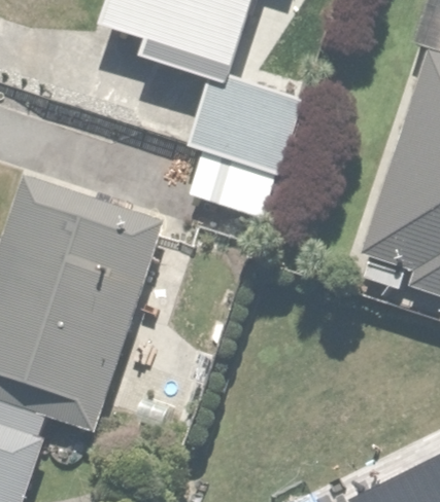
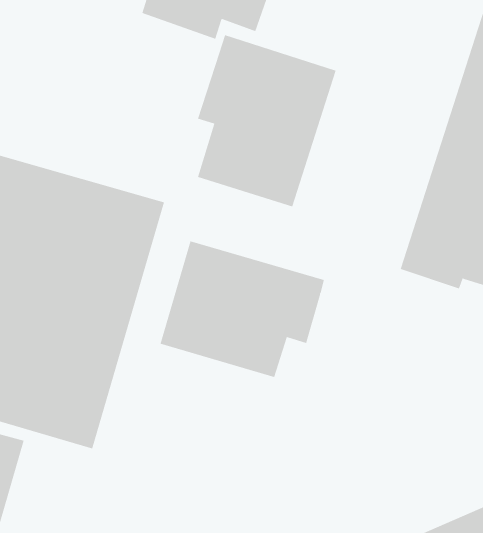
building: none -> [160,241,325,378]

